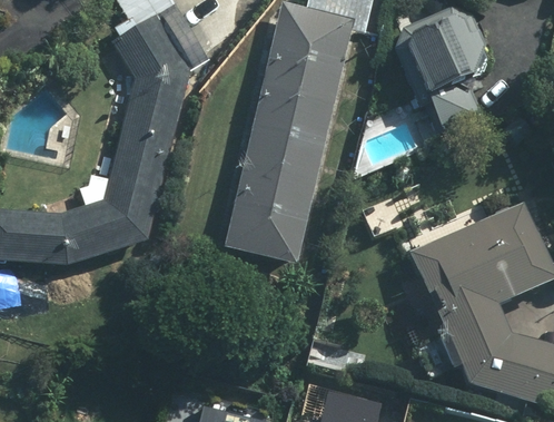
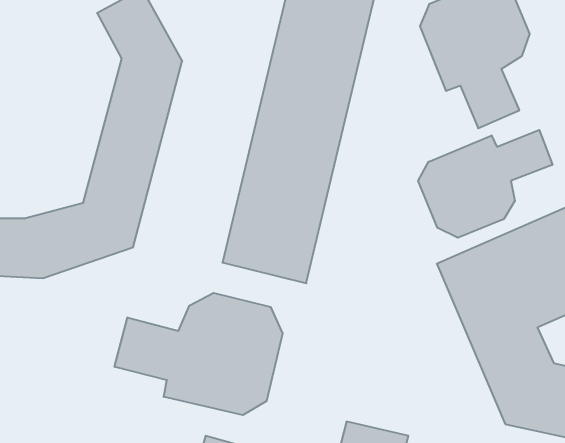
building: none -> [418,130,552,238]
building: none -> [115,293,283,415]

